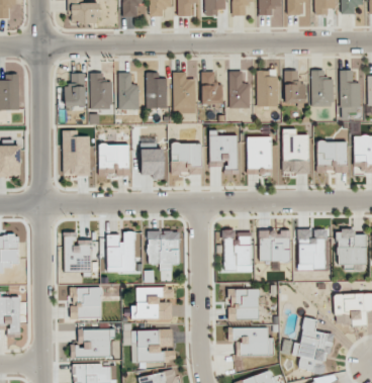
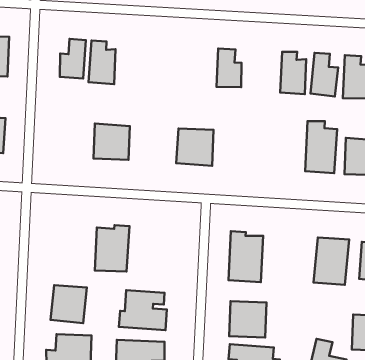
building: [228,71,249,108] -> none
building: [118,72,138,109] -> none
building: [146,72,167,108] -> none
building: [173,72,196,113] -> none
building: [62,130,90,175] -> none
building: [209,135,238,173] -> none
building: [247,136,272,174] -> none
building: [141,149,164,179] -> none
building: [259,229,290,261] -> none
building: [147,230,179,269] -> none
building: [64,232,91,271] -> none

